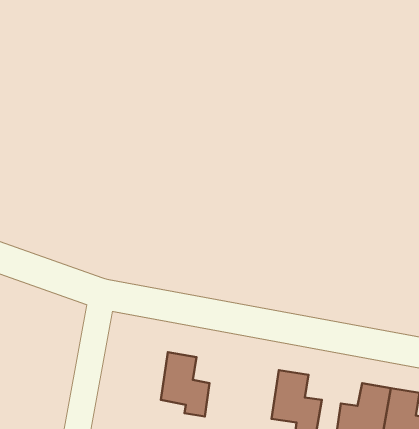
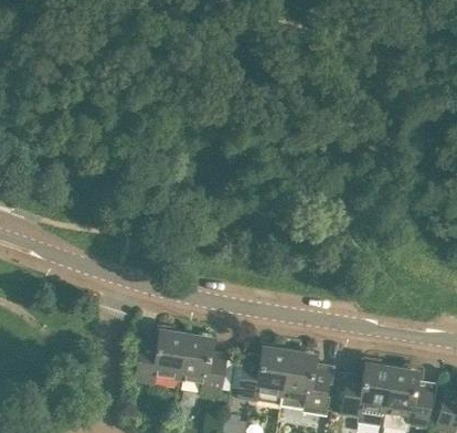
building: none -> [137,329,188,382]
building: none -> [240,346,290,400]

